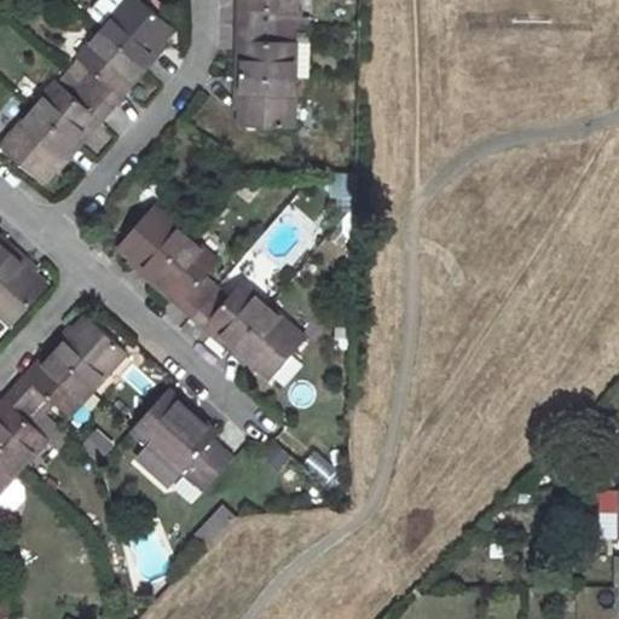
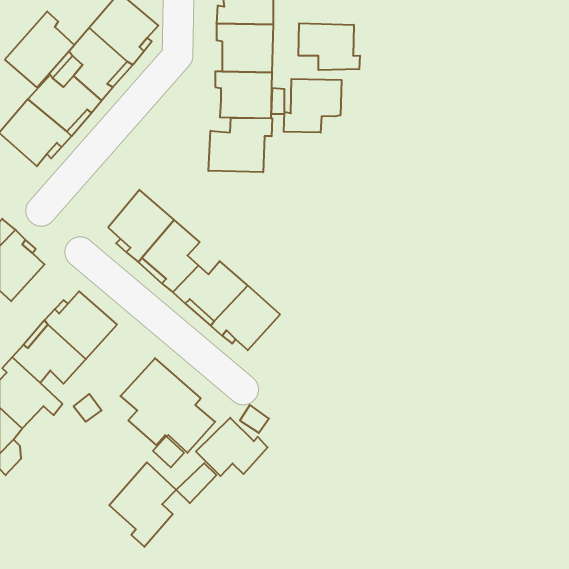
building: none -> [5,11,74,88]
building: none -> [299,23,360,70]
building: none -> [284,79,342,133]
building: none -> [208,118,272,172]
building: none -> [196,418,268,476]
building: none -> [109,462,176,547]

